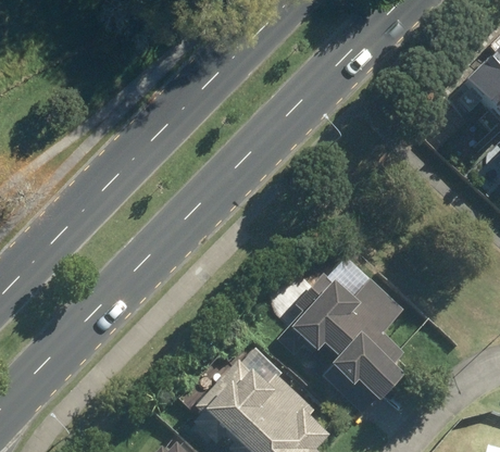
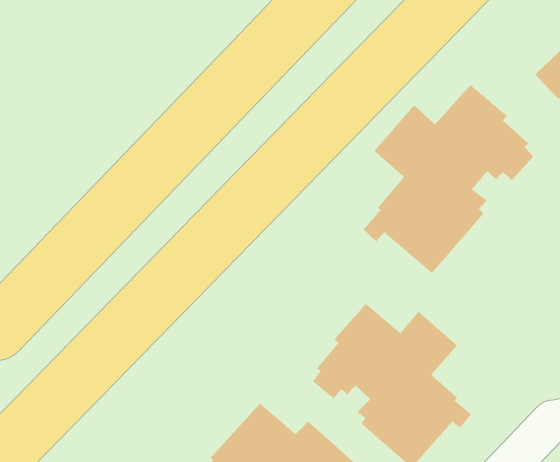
building: none -> [363,84,534,274]

